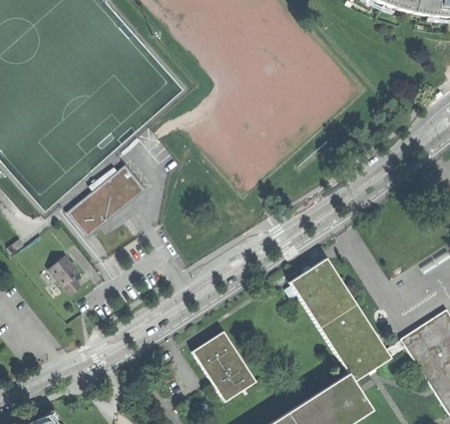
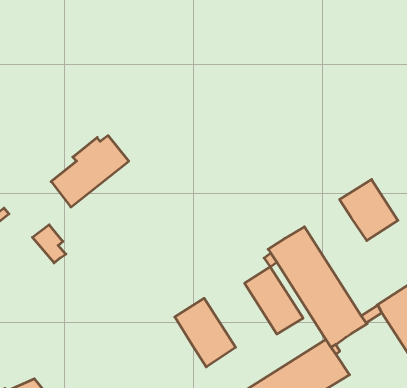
building: none -> [340,179,398,241]
building: none -> [245,267,303,334]

